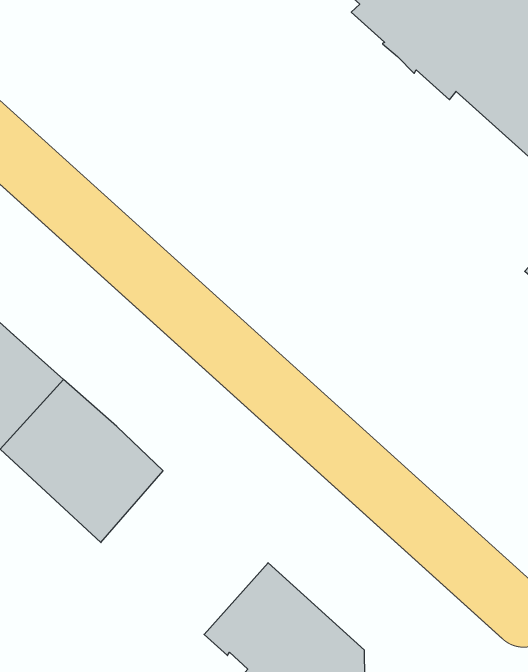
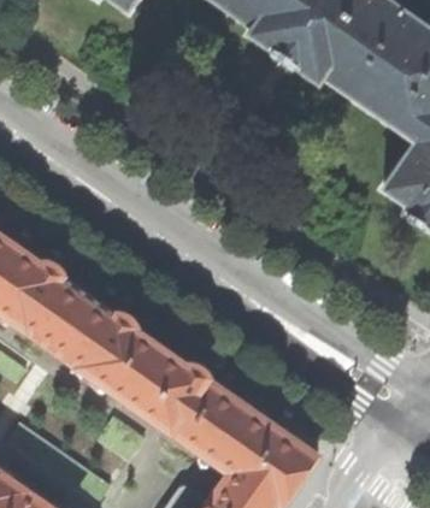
building: none -> [128,347,238,450]

